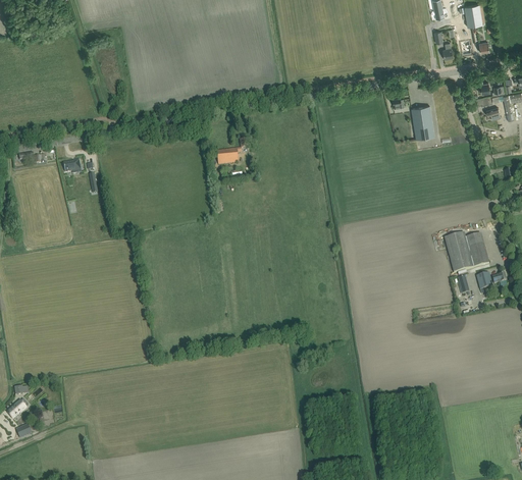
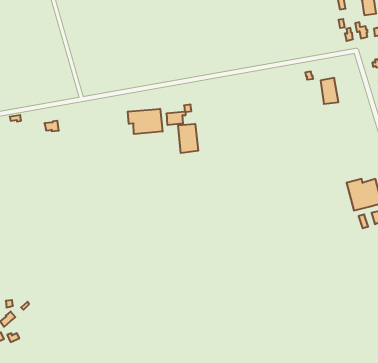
building: none -> [128,109,162,134]
building: none -> [178,124,198,153]

